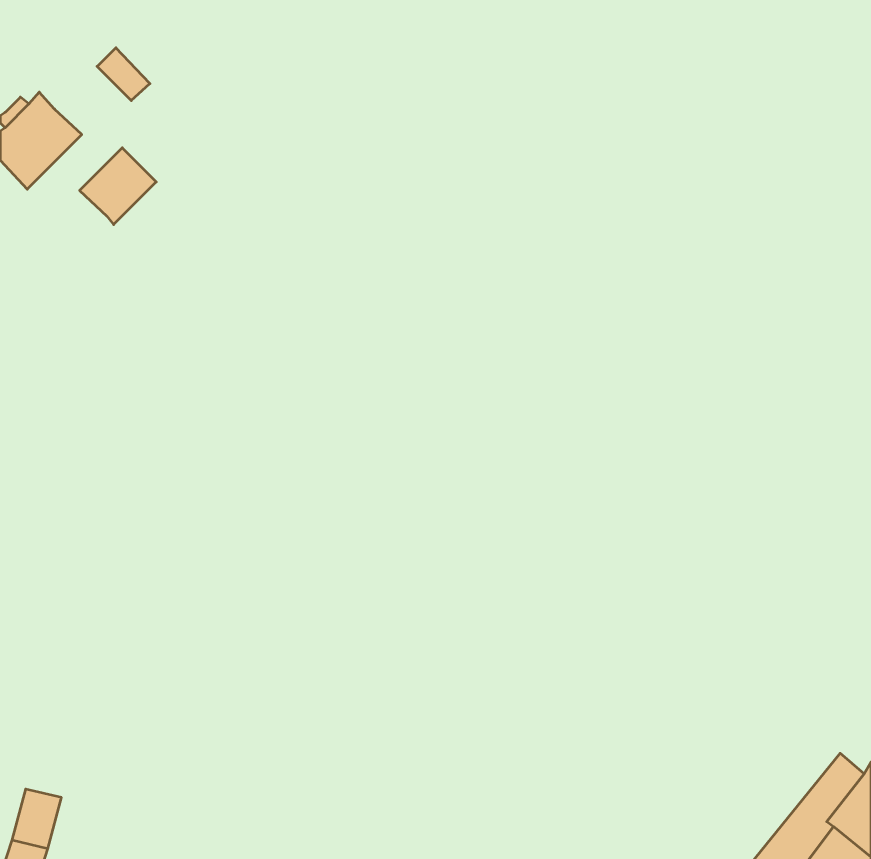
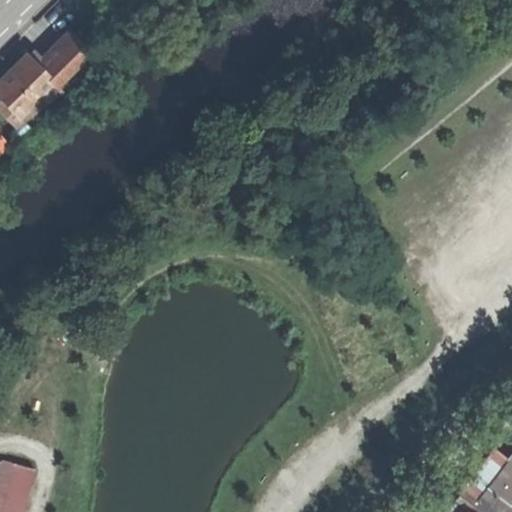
building: [80,148,156,225] -> [32,46,77,91]

